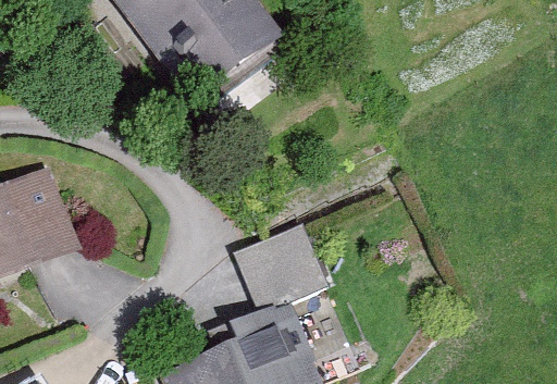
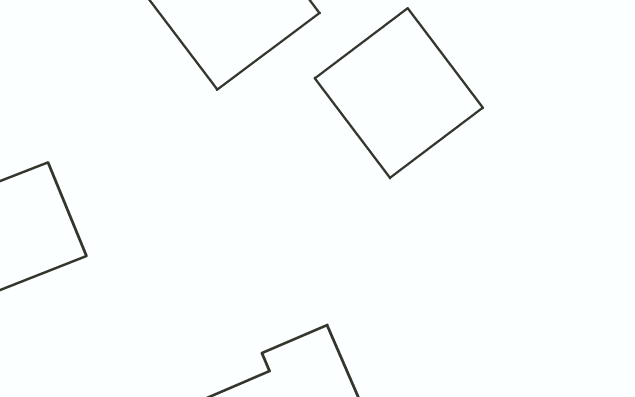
building: none -> [315,8,483,178]
building: [236,225,320,304] -> none

